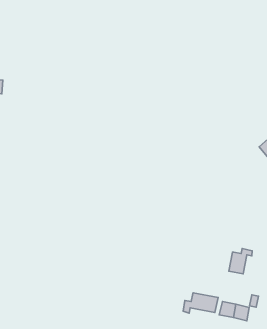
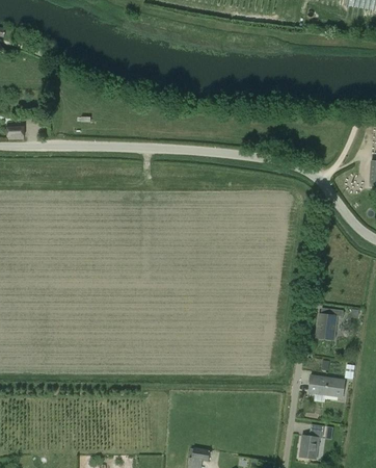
building: [183,293,218,313] -> none

